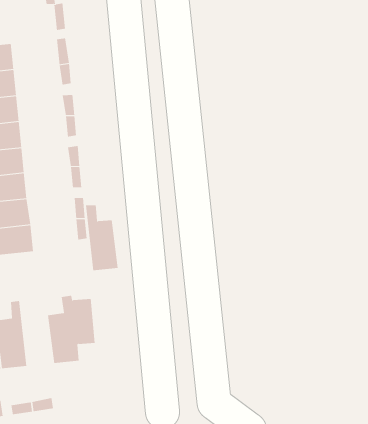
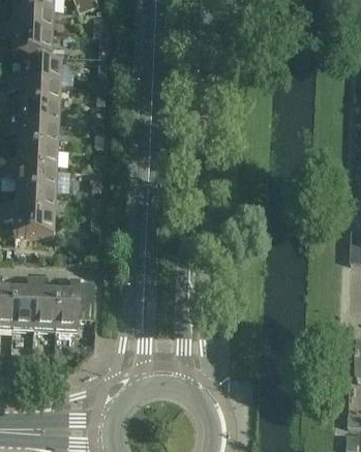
building: [85,205,119,271] -> [32,273,55,329]

